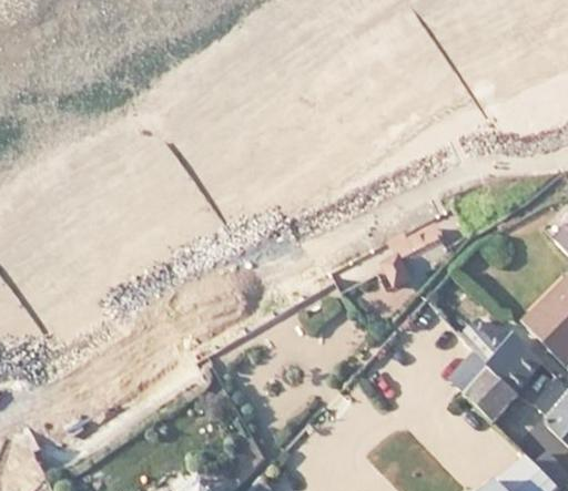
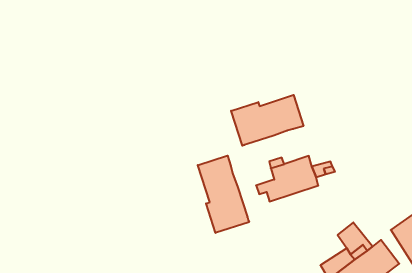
building: none -> [231,95,303,146]
building: none -> [198,156,249,233]

